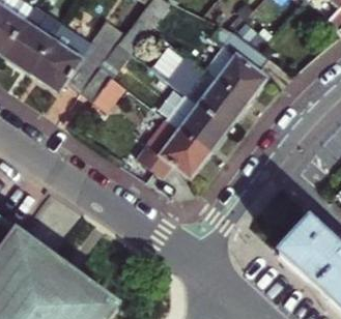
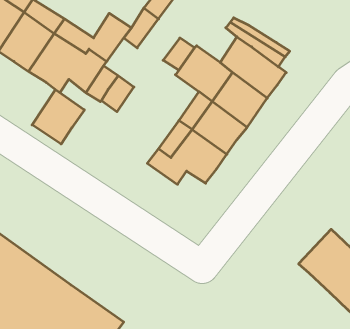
building: none -> [32,90,84,144]

